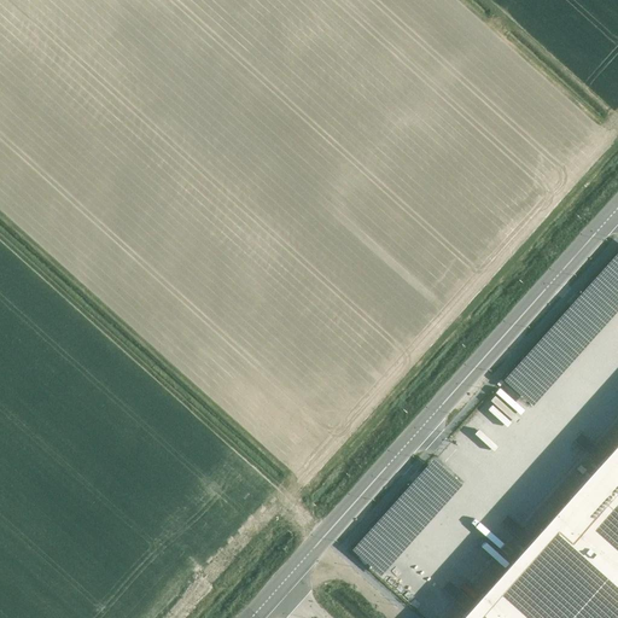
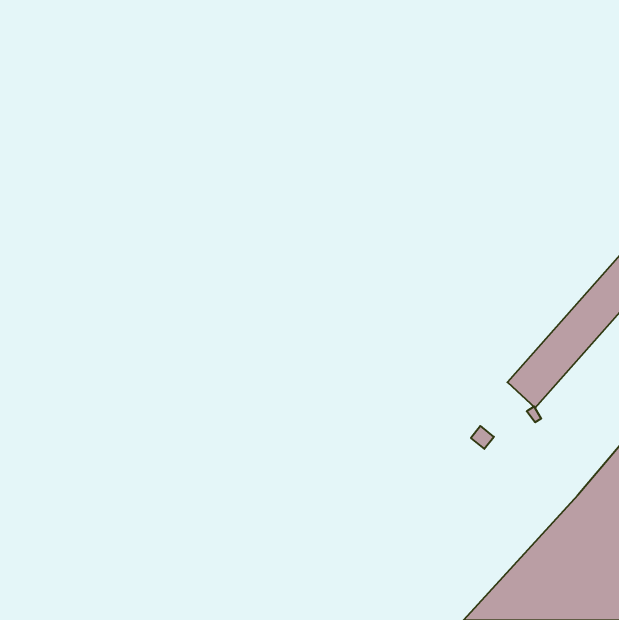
building: [354,460,464,576] -> none

